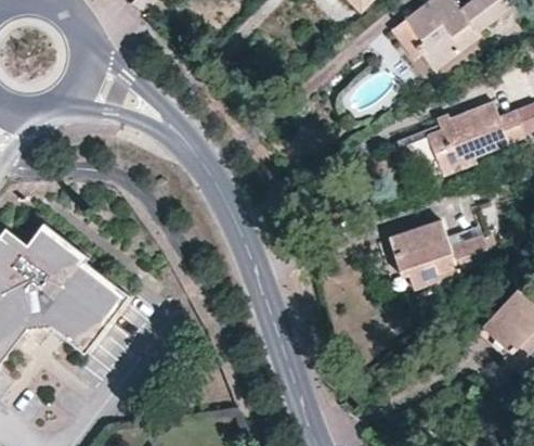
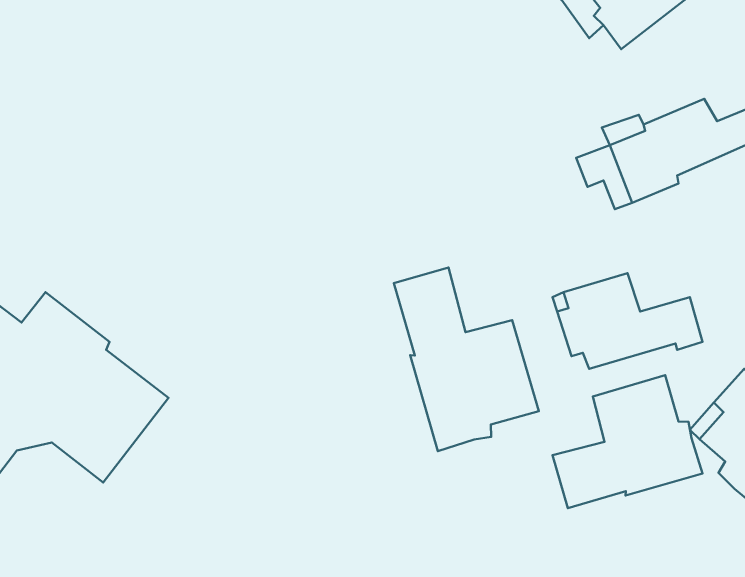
building: none -> [394,267,539,451]
building: none -> [552,375,702,508]

